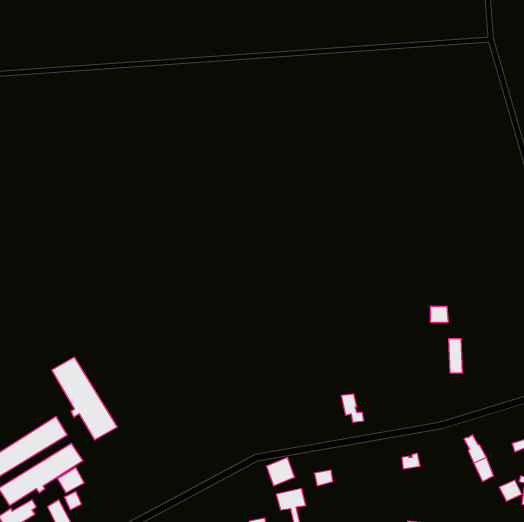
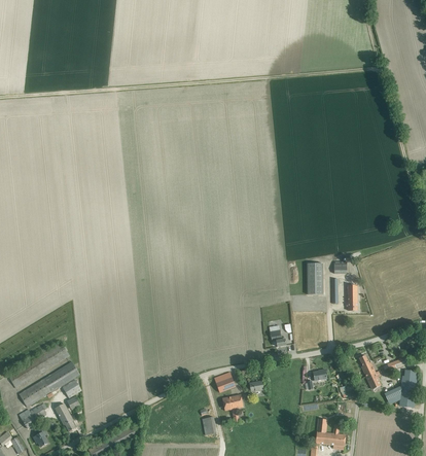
building: none -> [307,262,322,293]
building: [52,357,117,440] -> none

